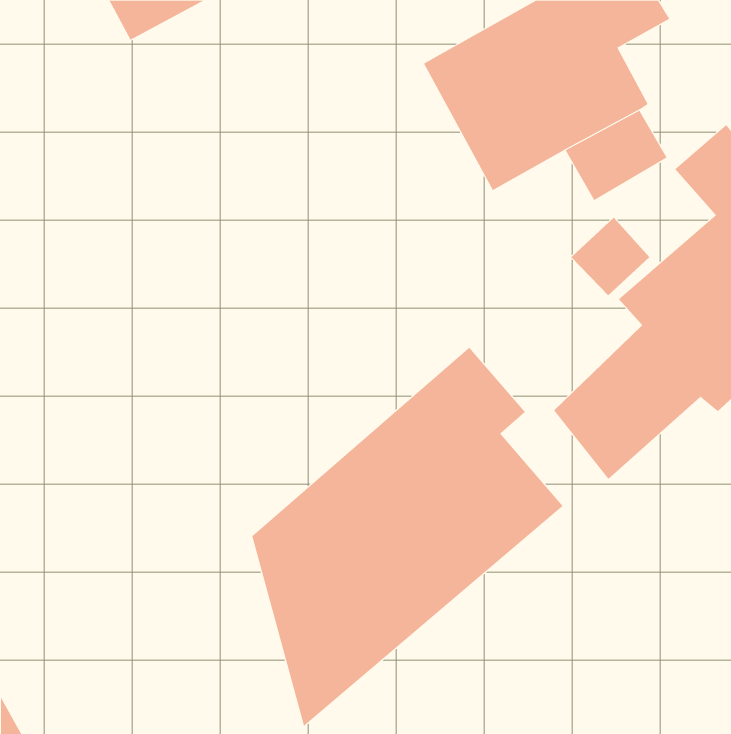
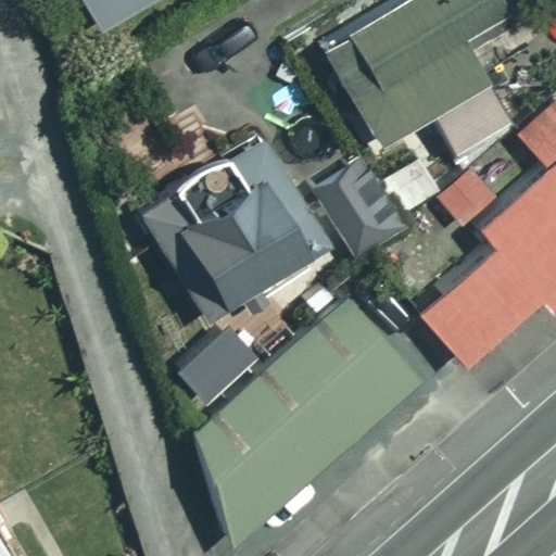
building: none -> [140,151,334,327]
building: none -> [312,151,439,256]

